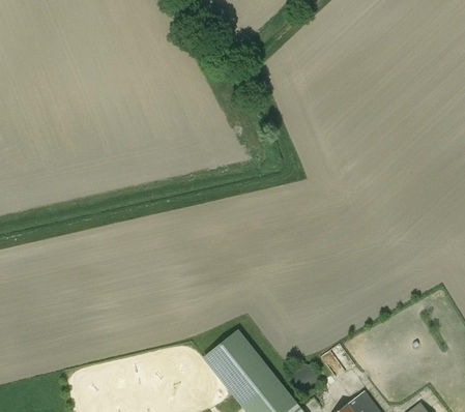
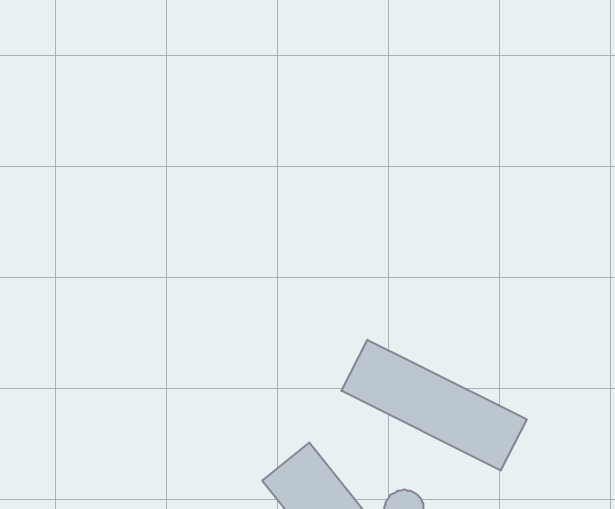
building: none -> [341,340,527,471]

